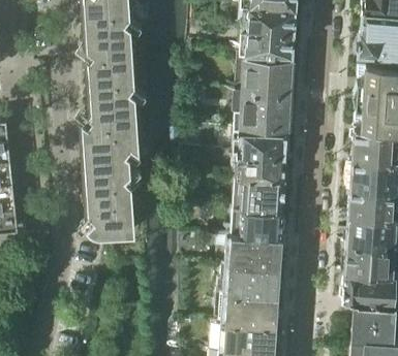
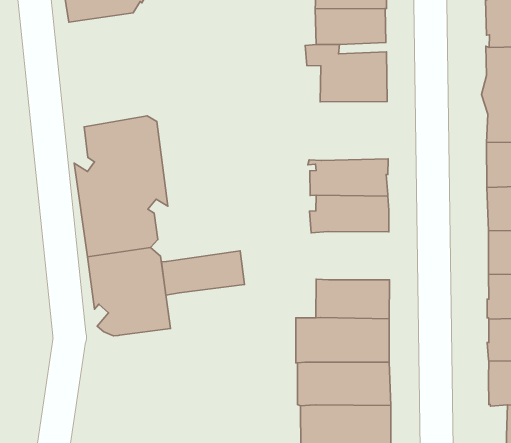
building: [83,24,135,97] -> none
building: [236,92,290,131] -> none
building: [243,179,285,214] -> none
building: none -> [161,251,245,295]

